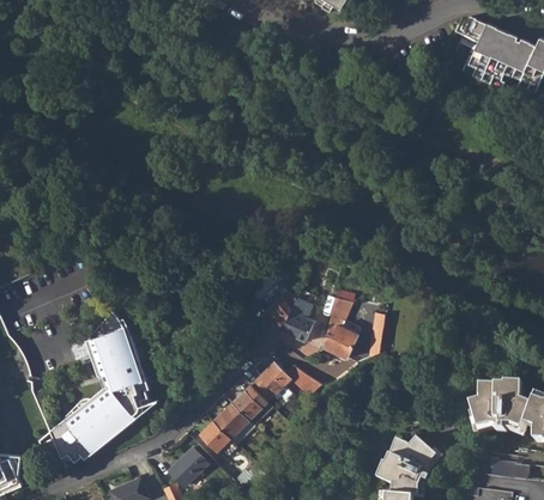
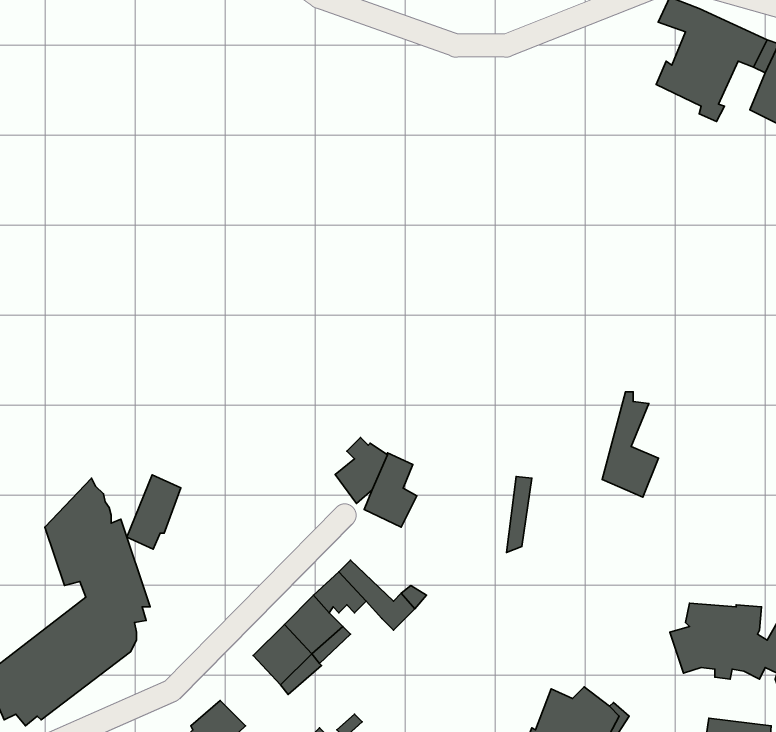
building: [321,293,356,358] -> [602,392,659,497]
building: none -> [127,475,181,549]
building: [197,420,229,452] -> none

